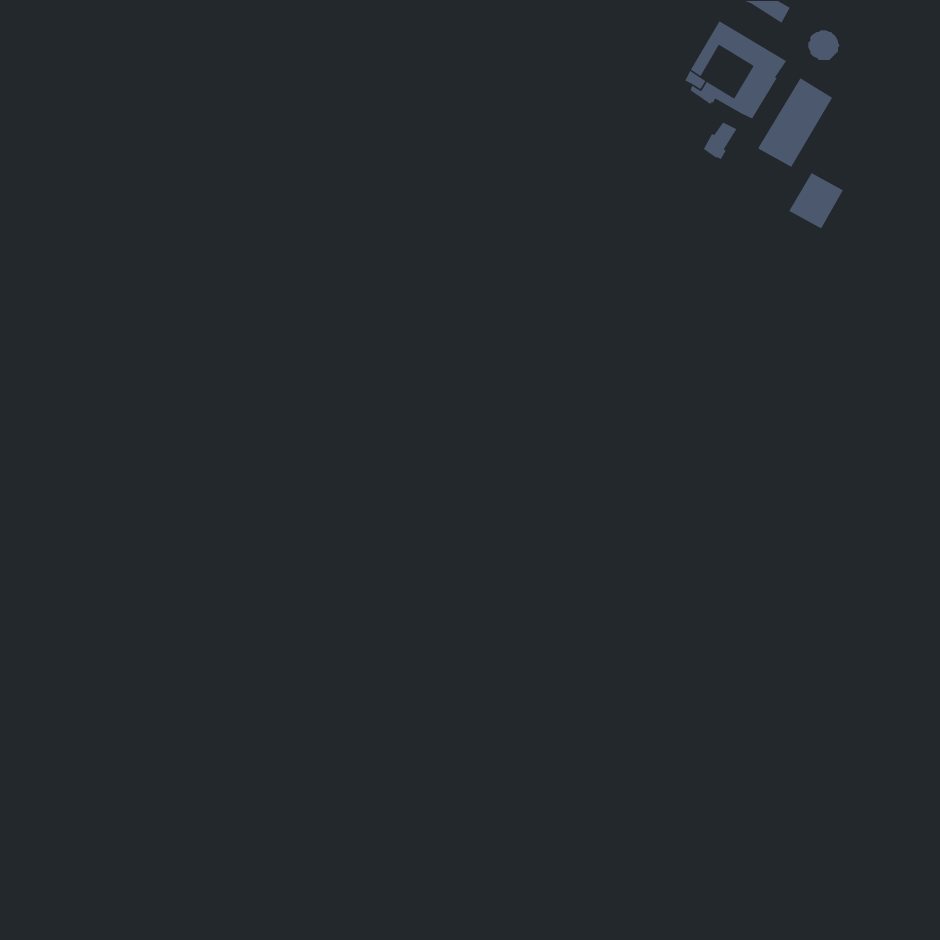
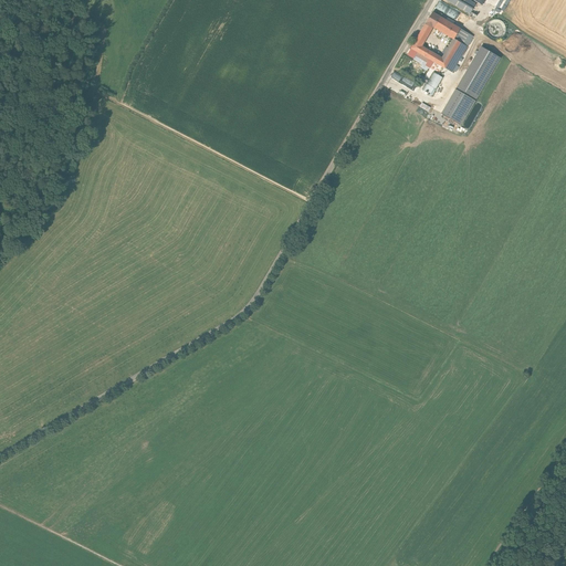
building: [788,171,845,229] -> [441,88,475,124]

